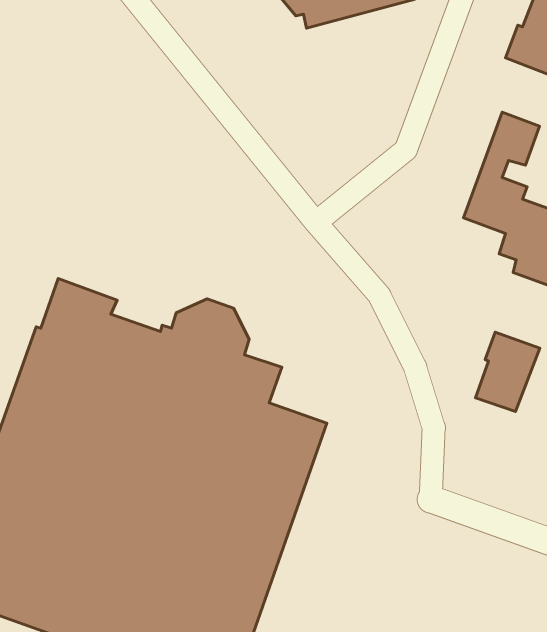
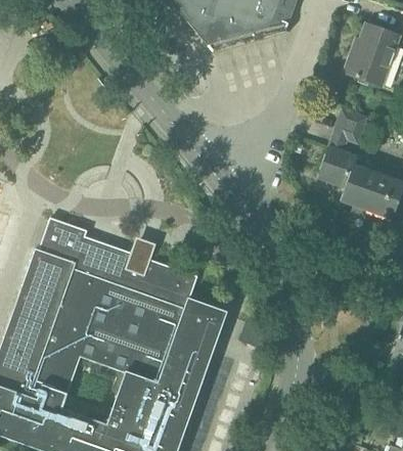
building: [475,332,540,412] -> none

